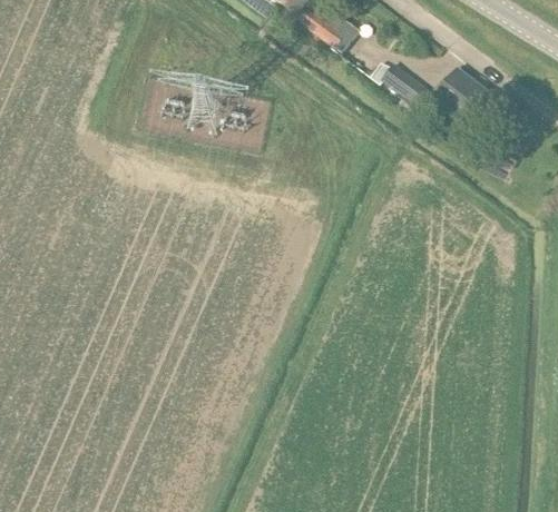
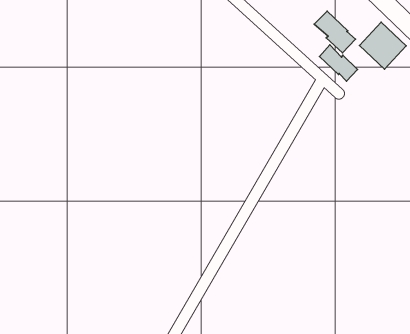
building: none -> [320,45,358,81]

